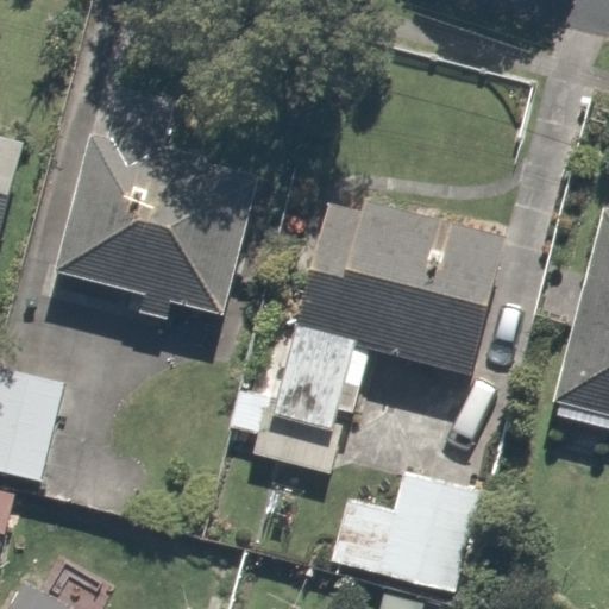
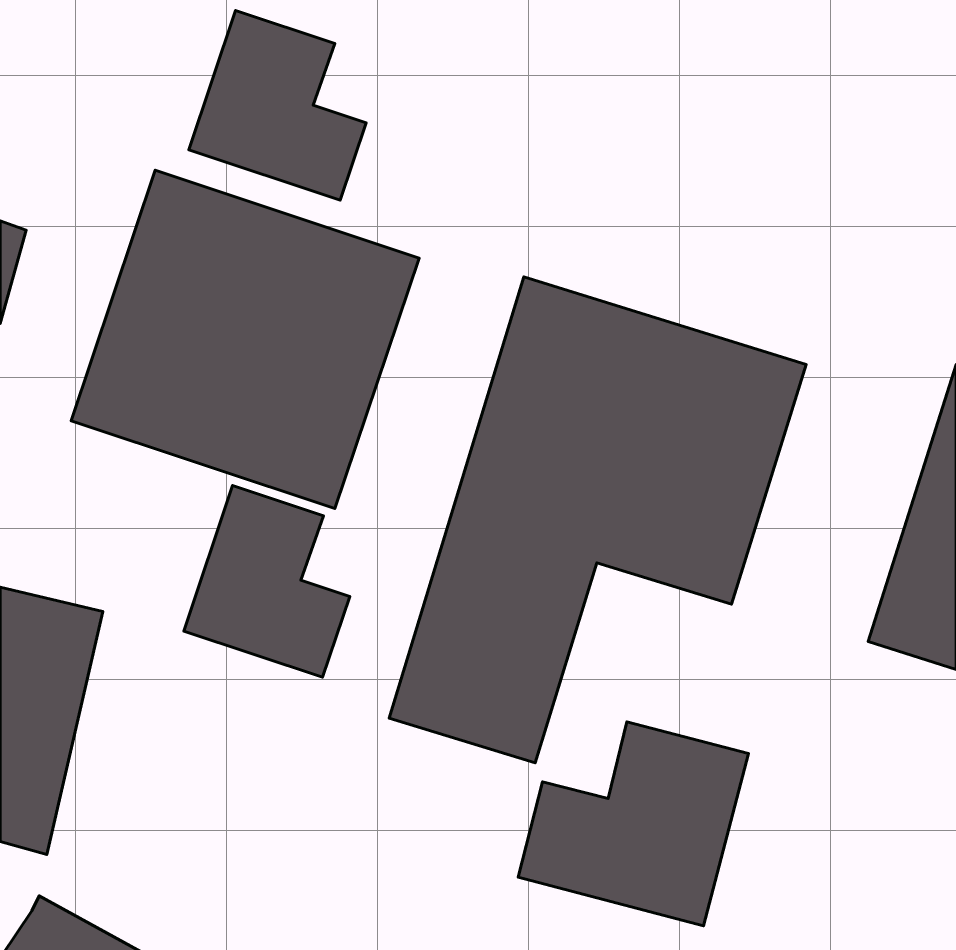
building: none -> [189,10,366,200]
building: none -> [184,485,350,677]

